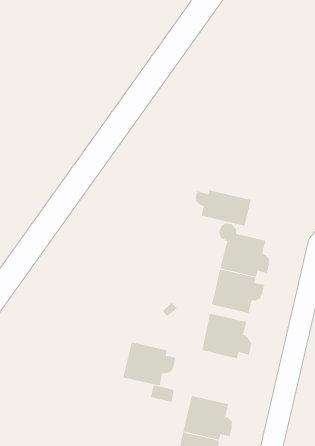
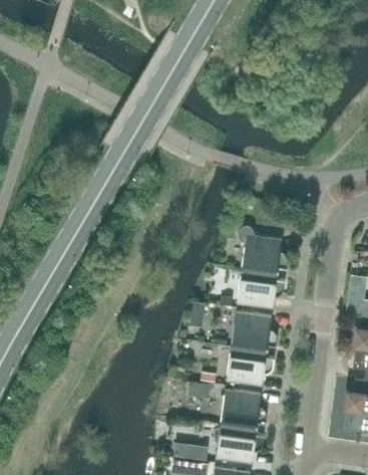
building: [195,189,251,227] -> none
building: [123,342,176,386] -> [226,346,274,386]

